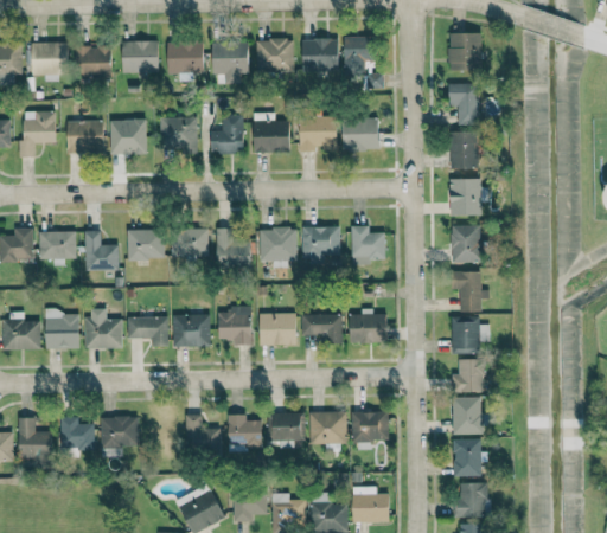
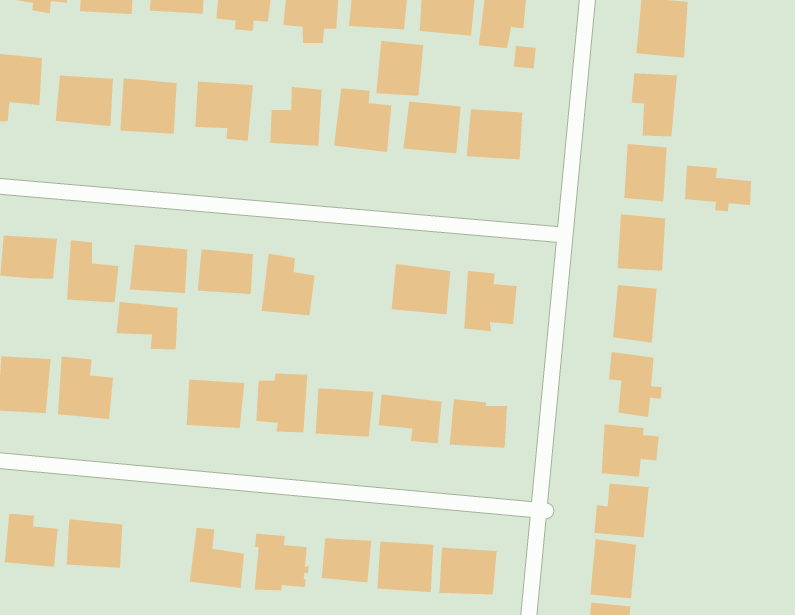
building: none -> [376,40,424,96]
building: none -> [684,165,751,212]
building: [260,227,298,261] -> none
building: [127,317,168,347] -> [116,302,179,350]

